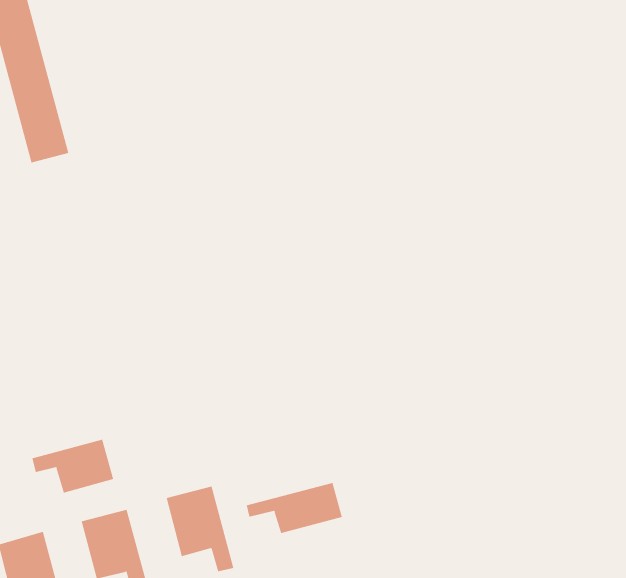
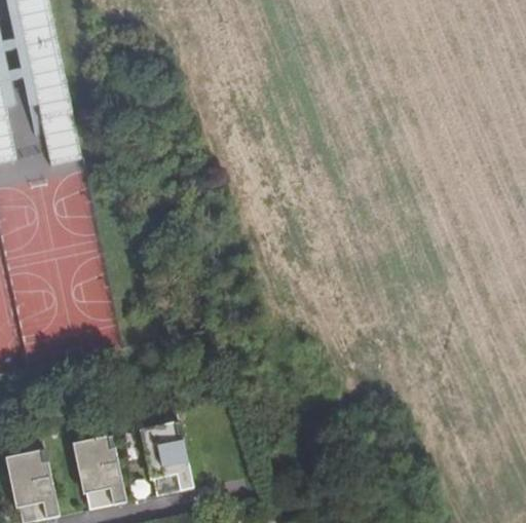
building: [32,439,114,493] -> none
building: [246,482,342,534] -> none

